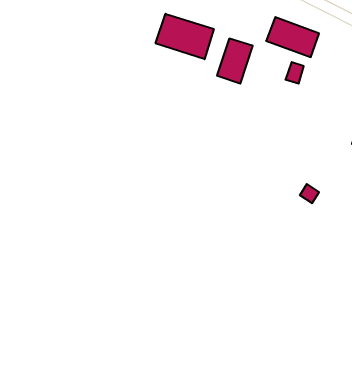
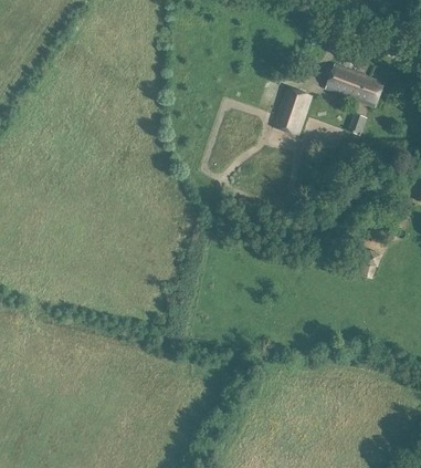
building: [156,14,214,59] -> none

